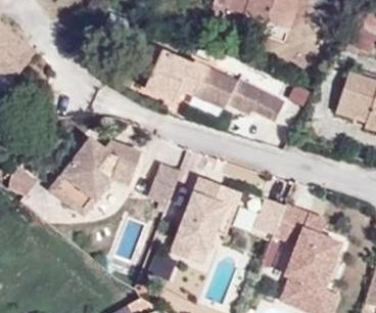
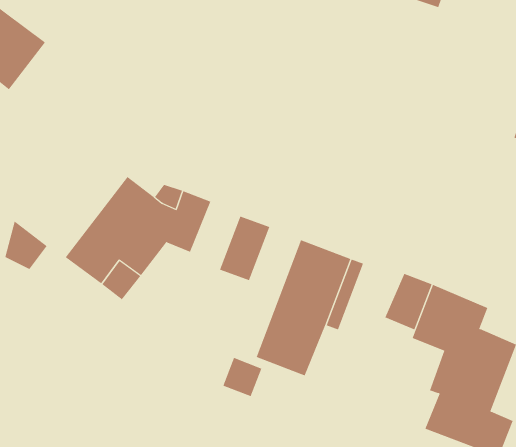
building: [141,47,285,121] -> none

